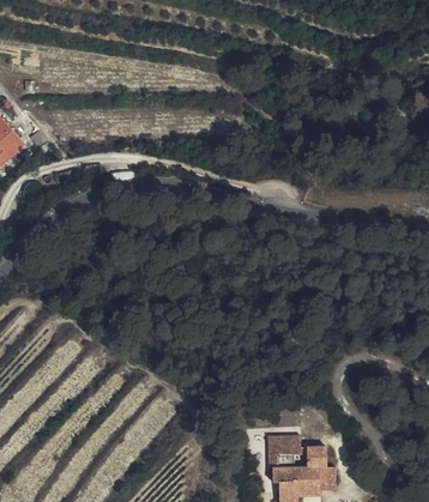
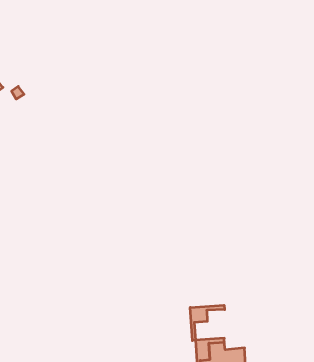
building: none -> [190,305,225,341]

